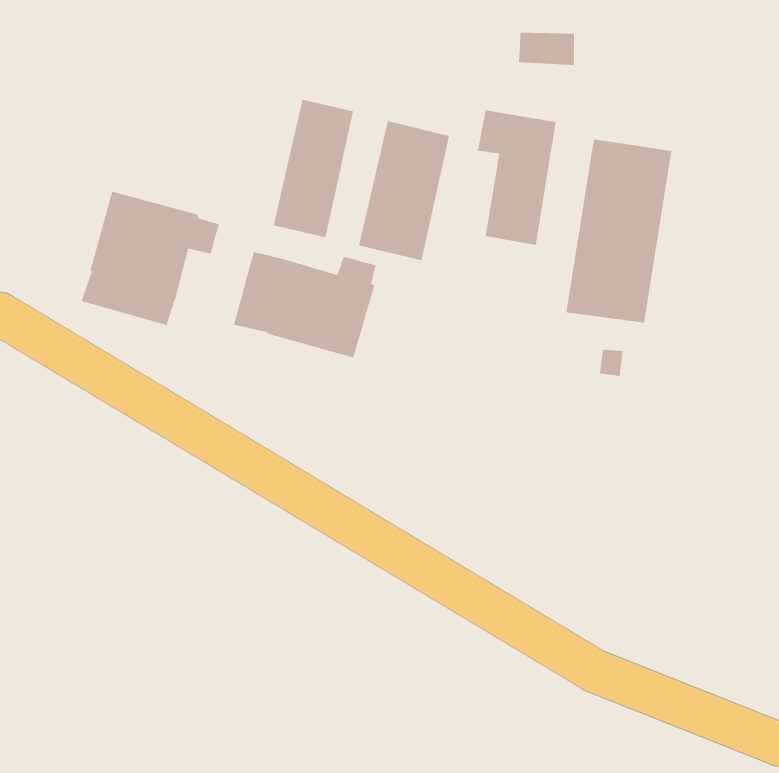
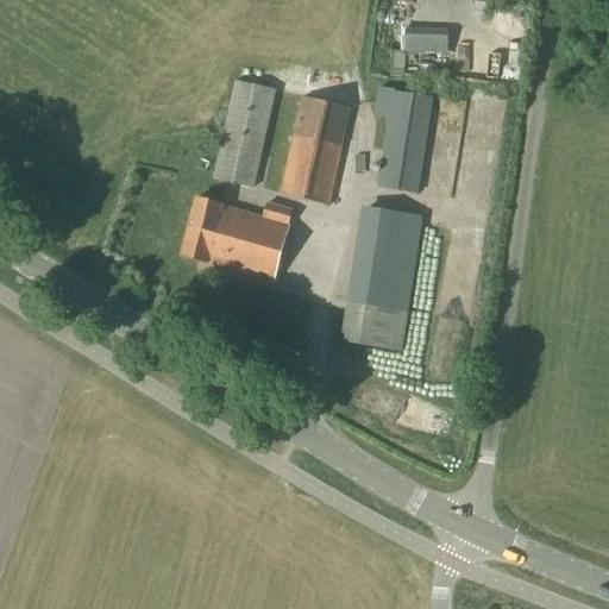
building: [566,139,672,323] -> [340,203,423,347]
building: [81,191,219,326] -> none

